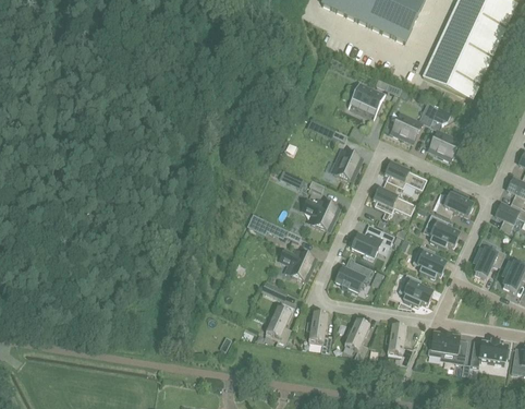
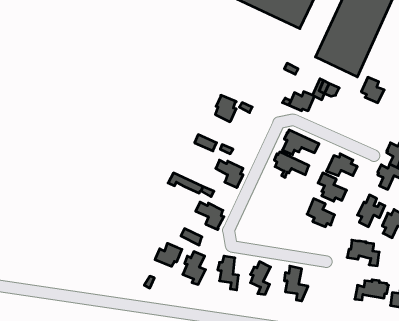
building: [347,81,384,118] -> none
building: [429,130,456,160] -> [361,77,384,103]
building: [333,149,358,181] -> [215,95,236,122]
building: [351,228,393,261] -> none
building: [334,261,370,291] -> none
building: [398,273,431,306] -> none
building: none -> [155,243,182,266]
building: [427,333,465,363] -> [347,240,379,266]

